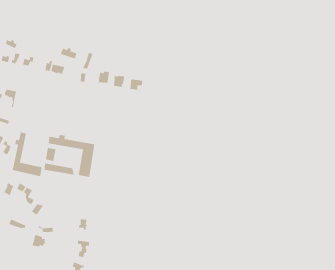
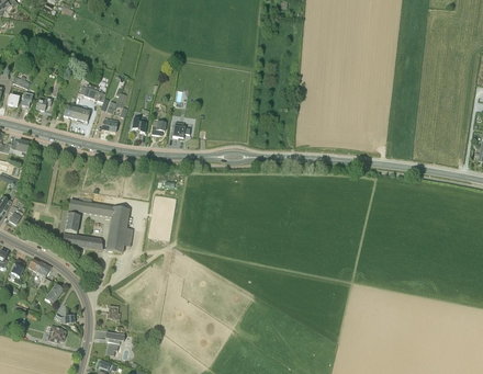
building: [12,131,43,177] -> none

